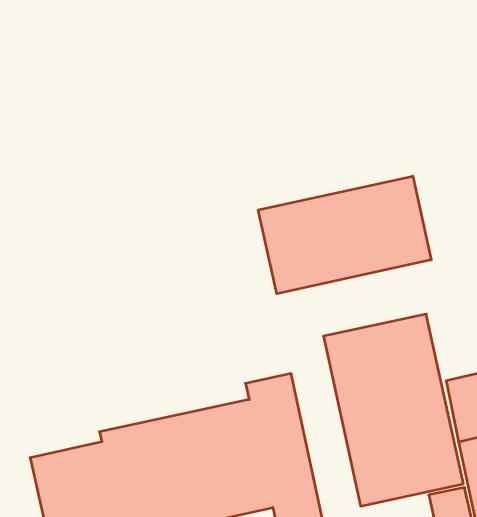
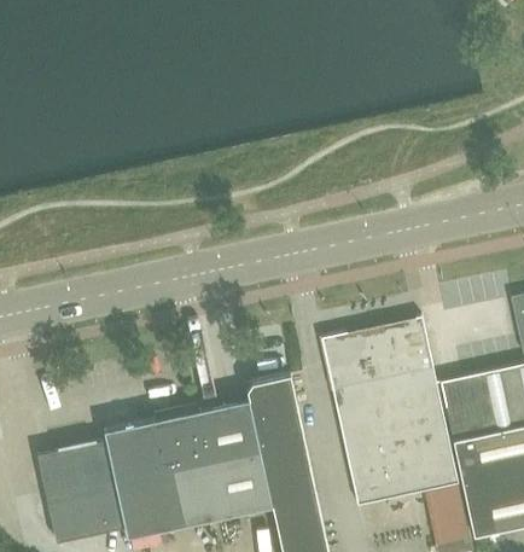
building: [258,176,431,294] -> none

